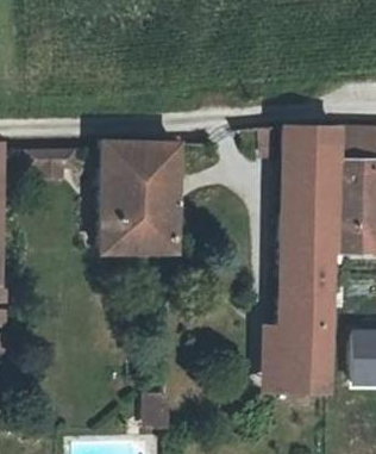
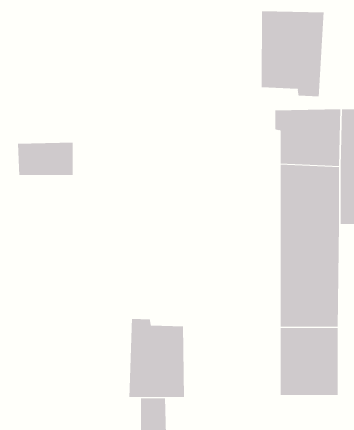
building: none -> [261,10,324,97]
building: [98,132,171,243] -> none
building: none -> [129,318,185,398]

